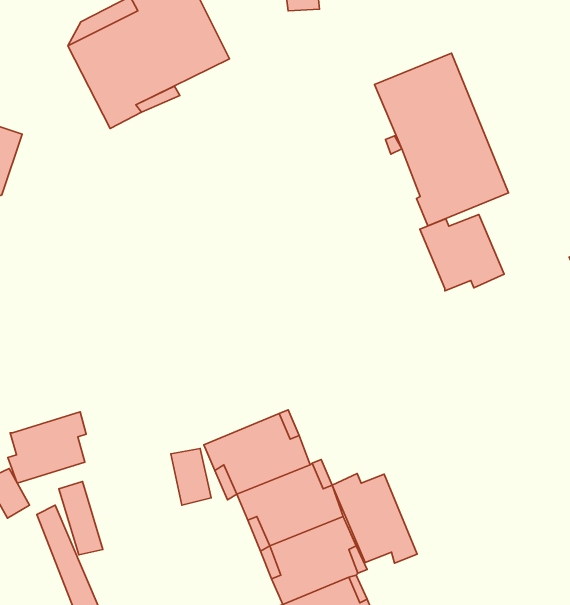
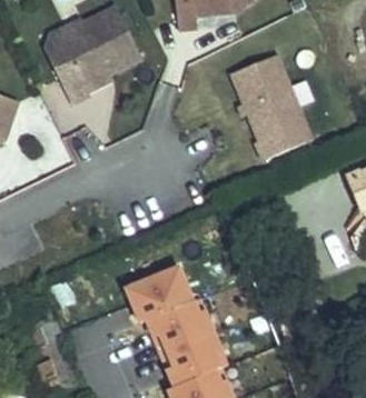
building: [420,215,504,291] -> none
building: [8,412,86,483] -> none
building: [332,473,417,563] -> none

